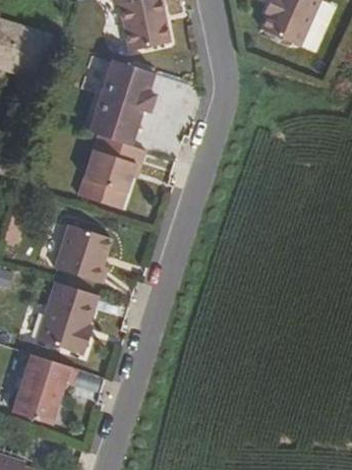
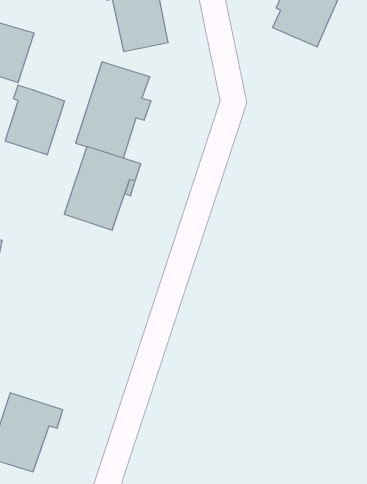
building: none -> [5,85,65,155]
building: [54,224,111,283] -> none
building: [37,281,98,354] -> none

